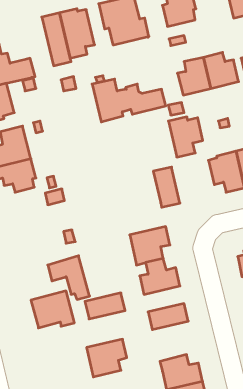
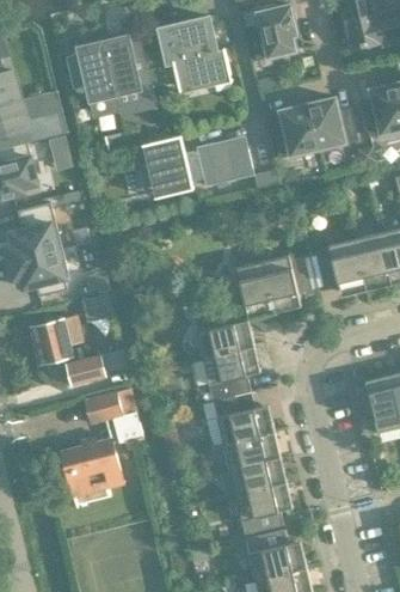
building: [168,117,203,157] -> [261,256,310,313]
building: none -> [192,311,253,359]
building: none -> [29,318,104,385]
building: [85,293,125,319] -> [222,432,279,469]
building: [87,339,127,377] -> [234,482,291,536]

